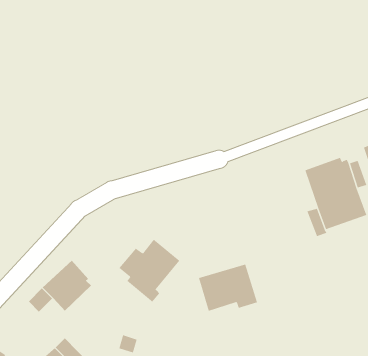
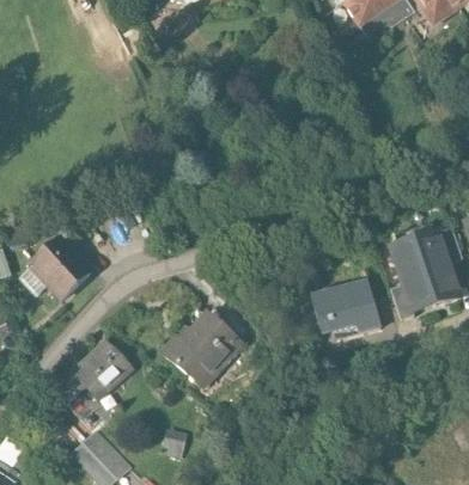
building: none -> [35,245,92,302]
building: [198,264,258,312] -> [311,280,383,337]

